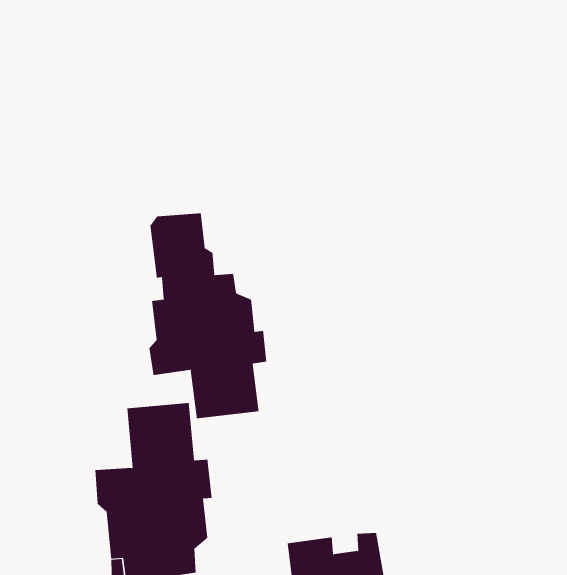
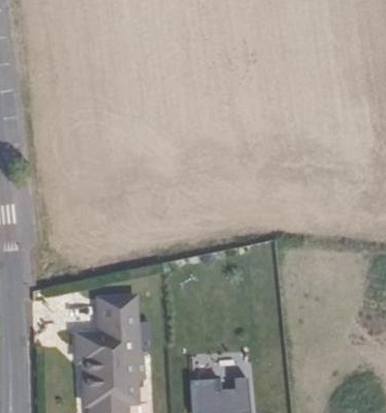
building: [149,212,267,419] -> none

